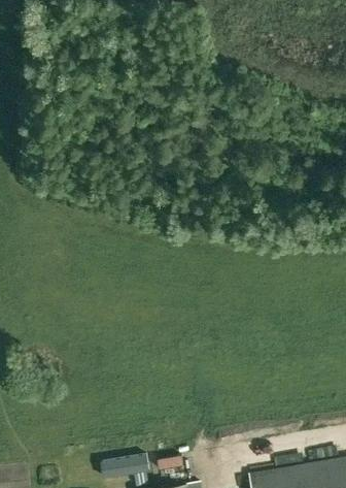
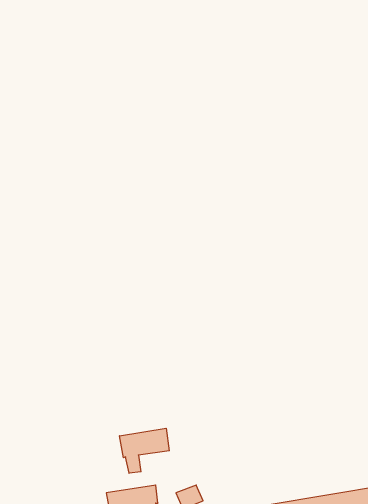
building: none -> [120,428,169,473]

